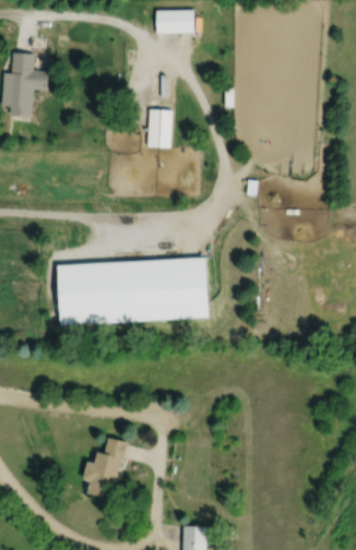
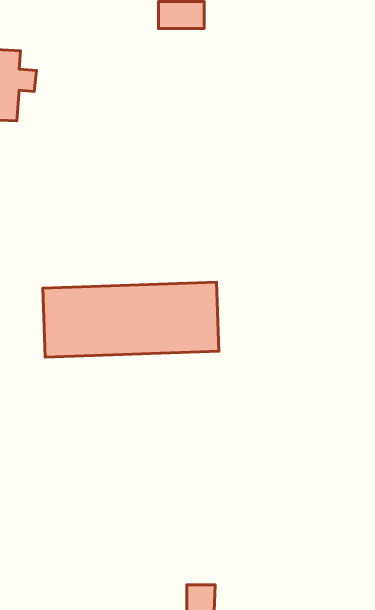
building: [149,108,173,146] -> none
building: [81,437,128,500] -> none

